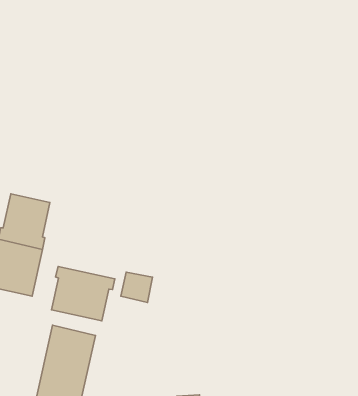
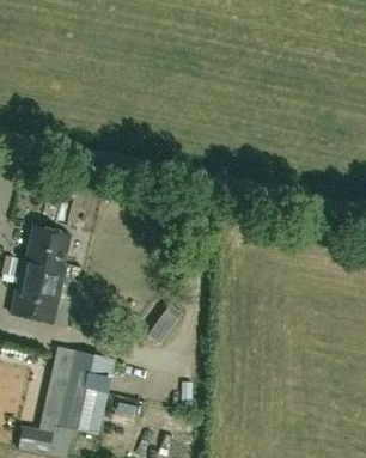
building: [51,266,115,321] -> none

